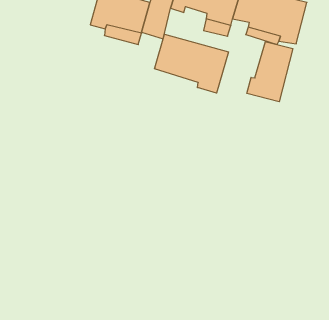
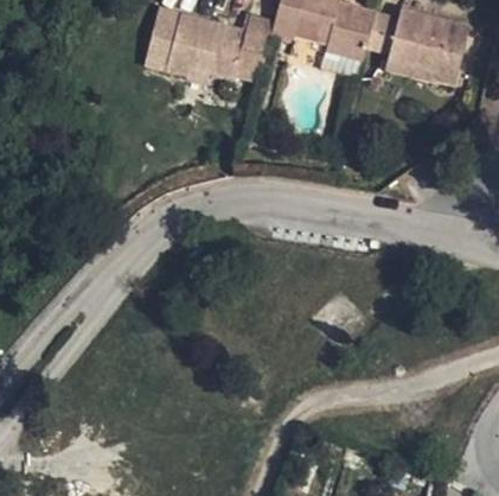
building: [154,34,228,93] -> none
building: [247,41,293,102] -> none

